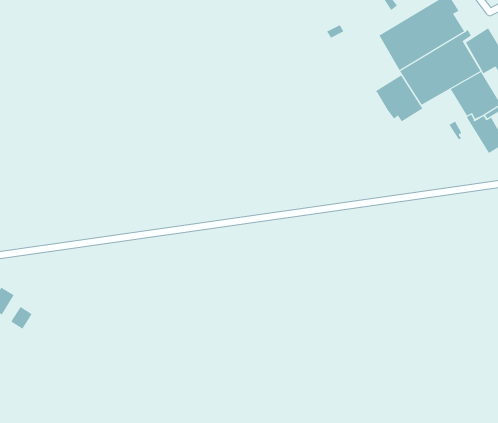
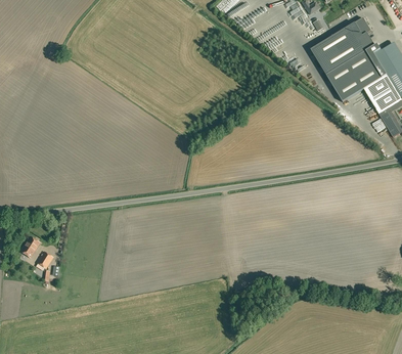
building: [374,75,423,122] -> none

